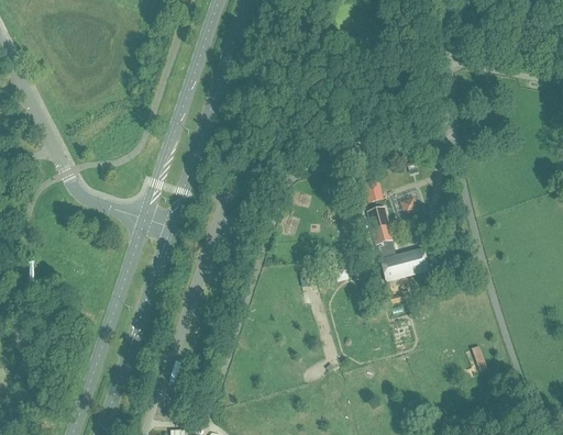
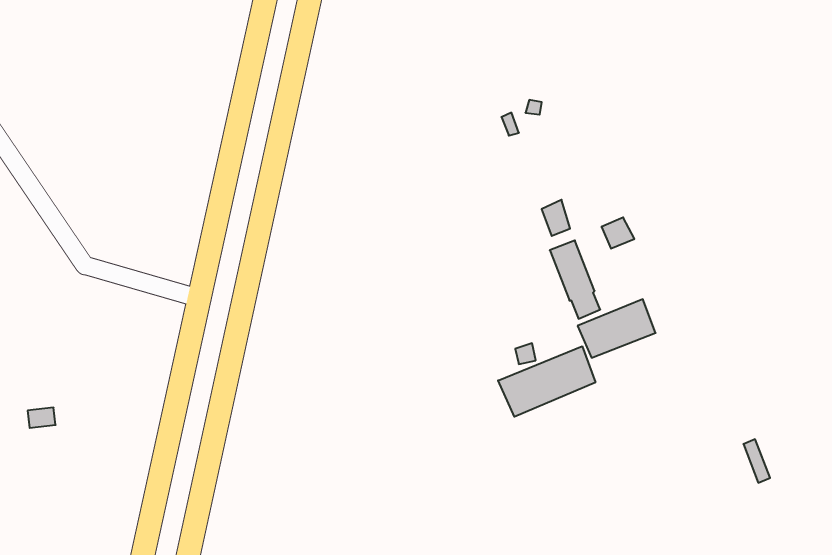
building: none -> [498,346,595,417]

